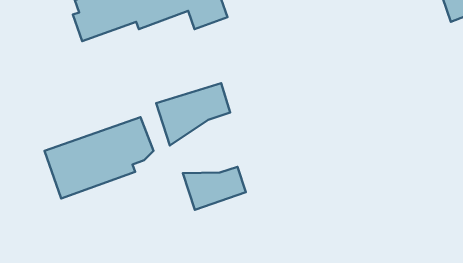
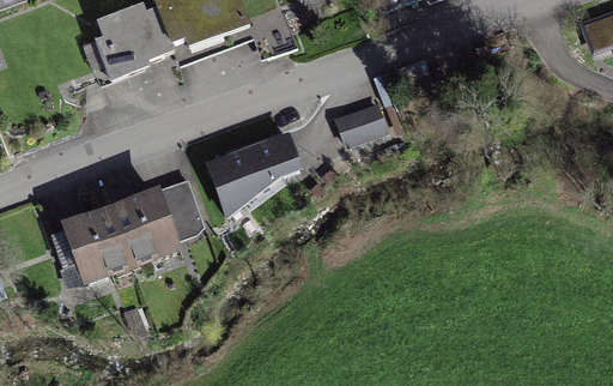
building: none -> [335,99,389,141]
building: [183,167,246,210] -> none

